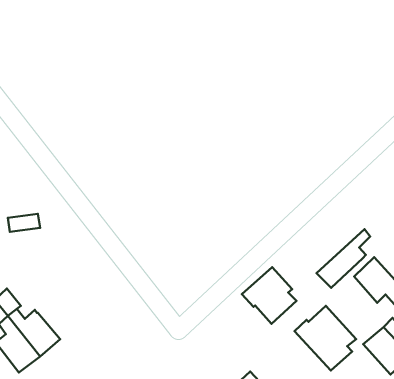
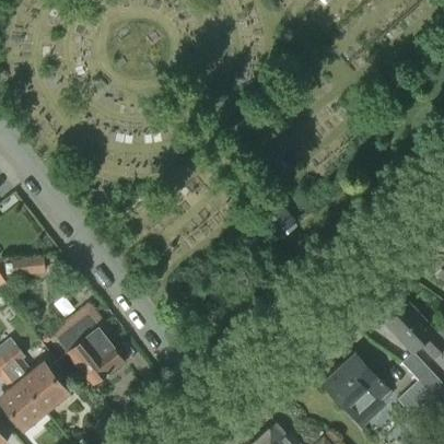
building: [317,229,370,288] -> none
building: none -> [51,302,125,384]
building: [242,267,297,324] -> none

